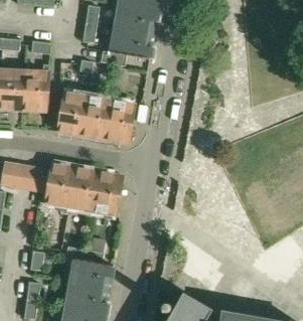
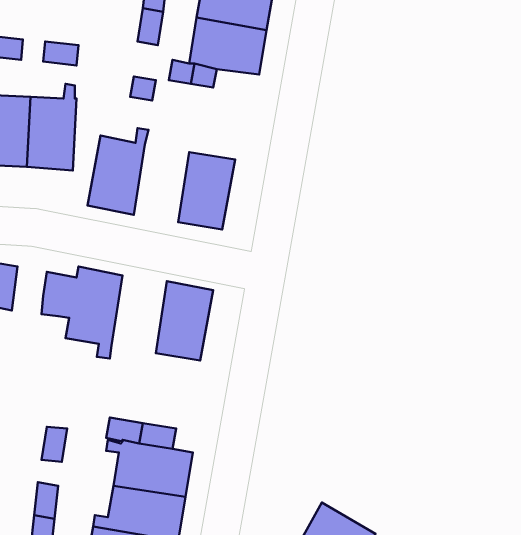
building: [81,94,112,140] -> none
building: [68,169,99,218] -> none

